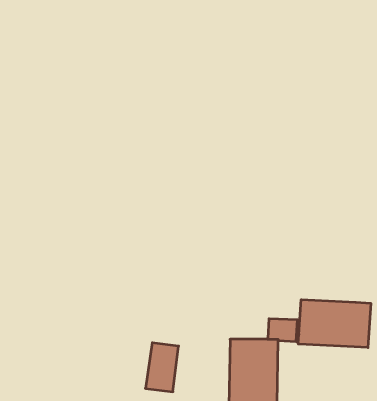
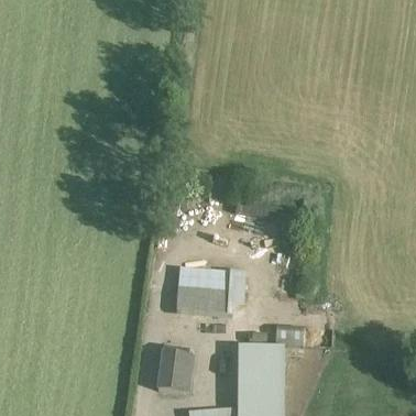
building: none -> [174,273,231,310]
building: [298,300,371,348] -> none

